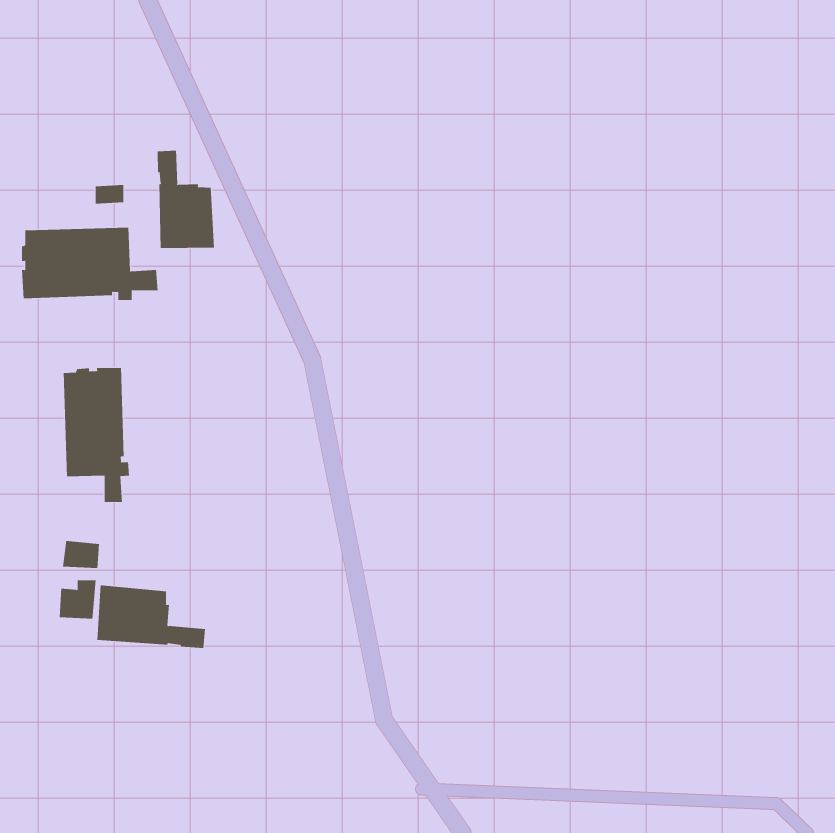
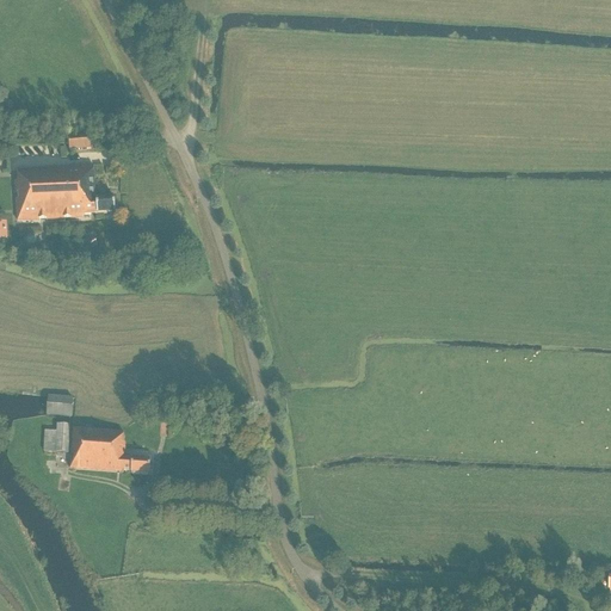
building: [157,150,214,249] -> none
building: [63,367,129,503] -> none

